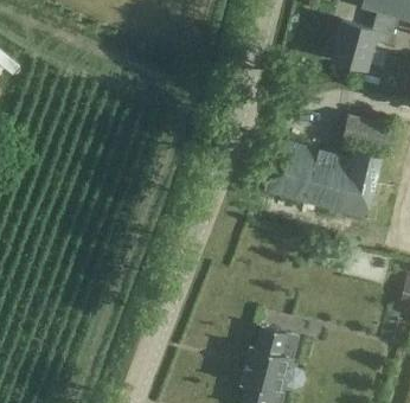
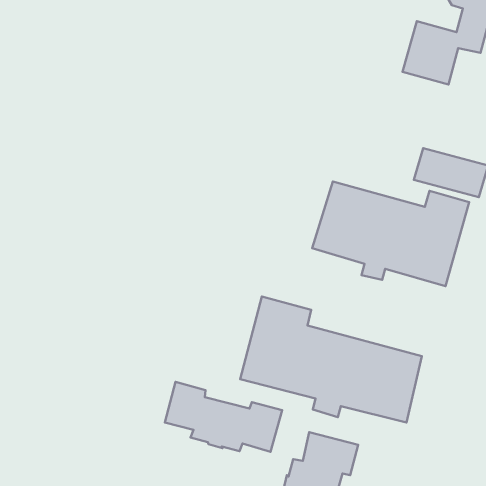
building: none -> [240,297,422,423]
building: none -> [165,382,282,452]

